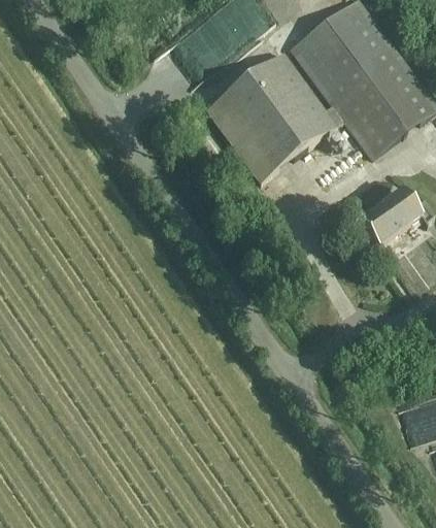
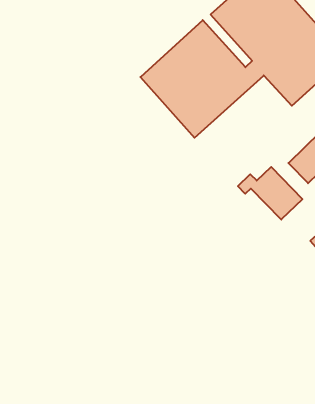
building: none -> [238,167,302,220]

